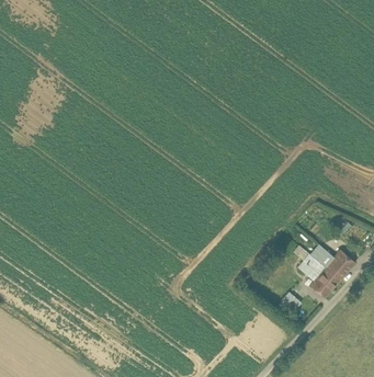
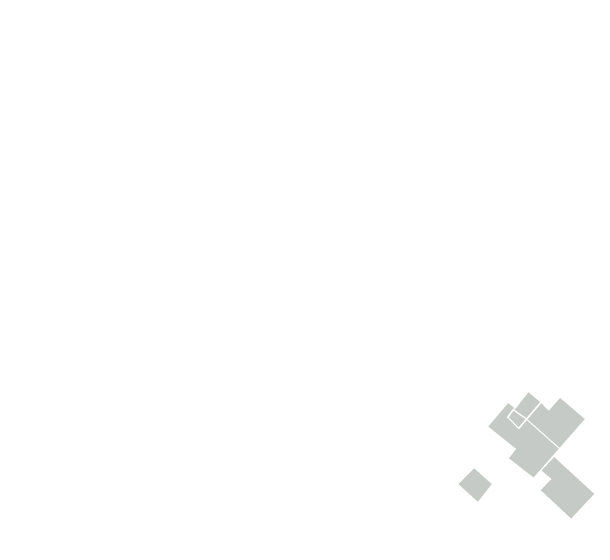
building: none -> [540,456,595,520]

